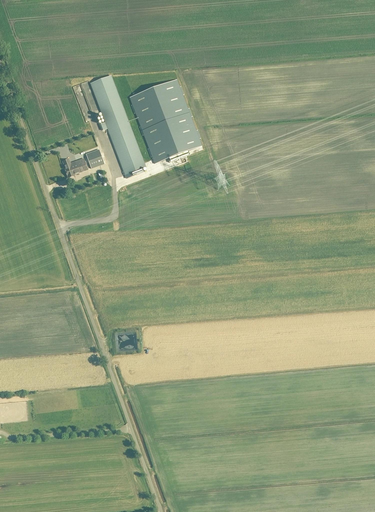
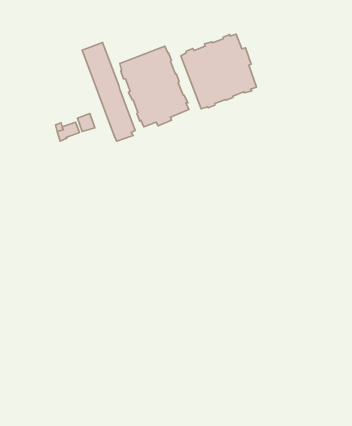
building: none -> [181,34,257,109]

